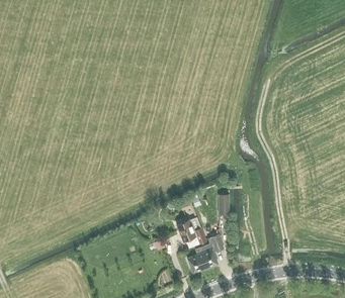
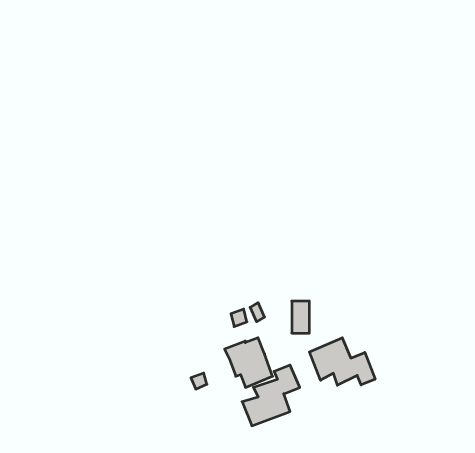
building: none -> [309,338,375,385]

